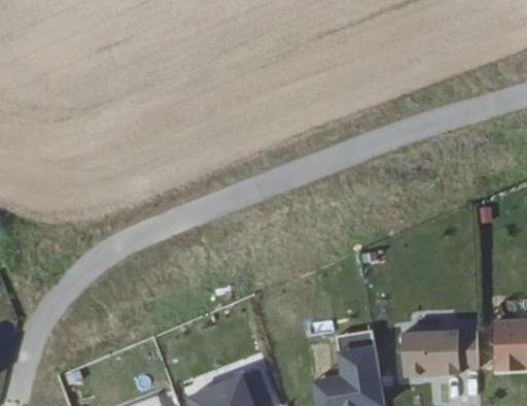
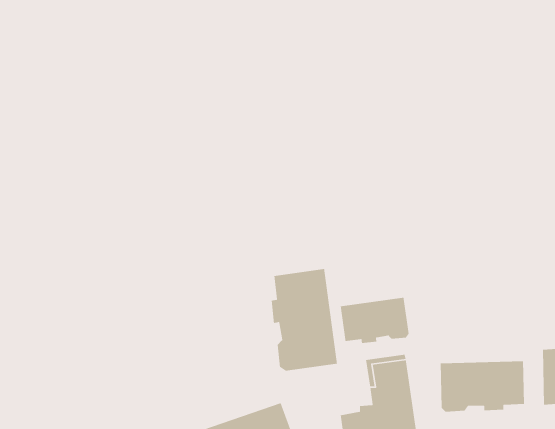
building: none -> [271,268,338,371]
building: none -> [340,297,409,344]

